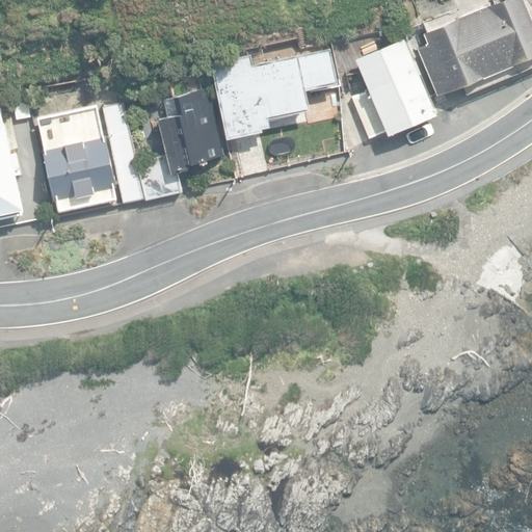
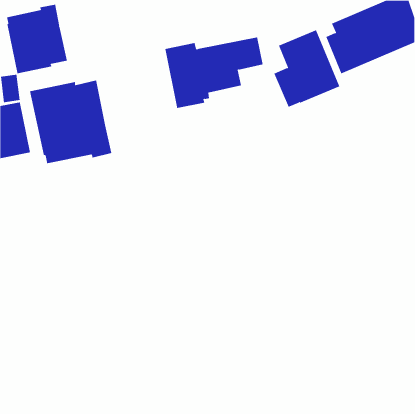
building: none -> [6,4,68,74]
building: [135,89,223,198] -> none

